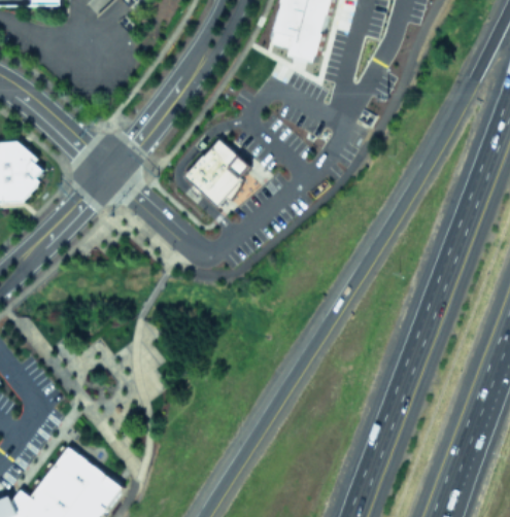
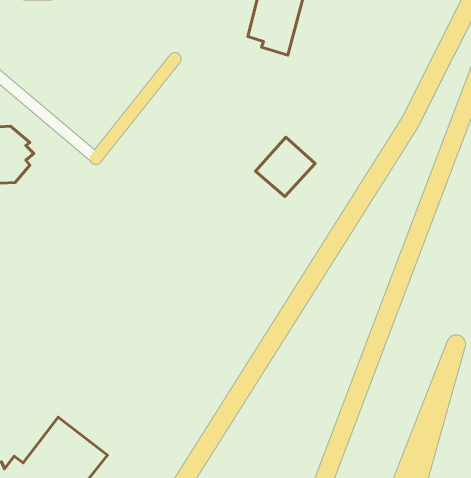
building: [186,139,249,202] -> [256,137,315,197]

